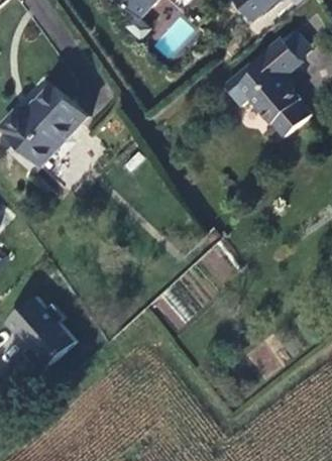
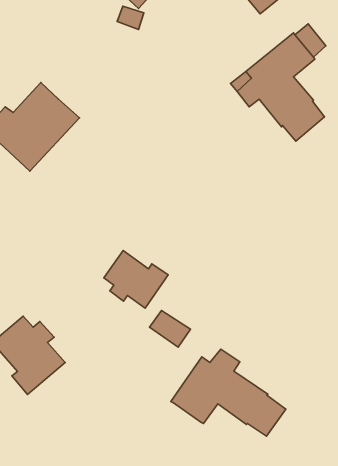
building: none -> [104,250,168,308]
building: none -> [171,349,286,436]

